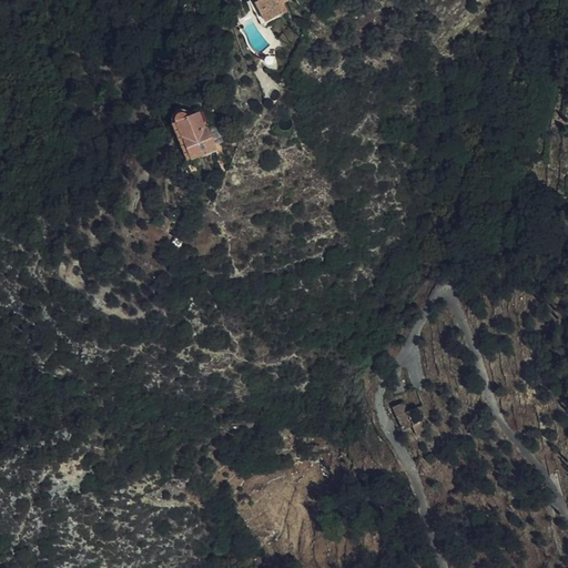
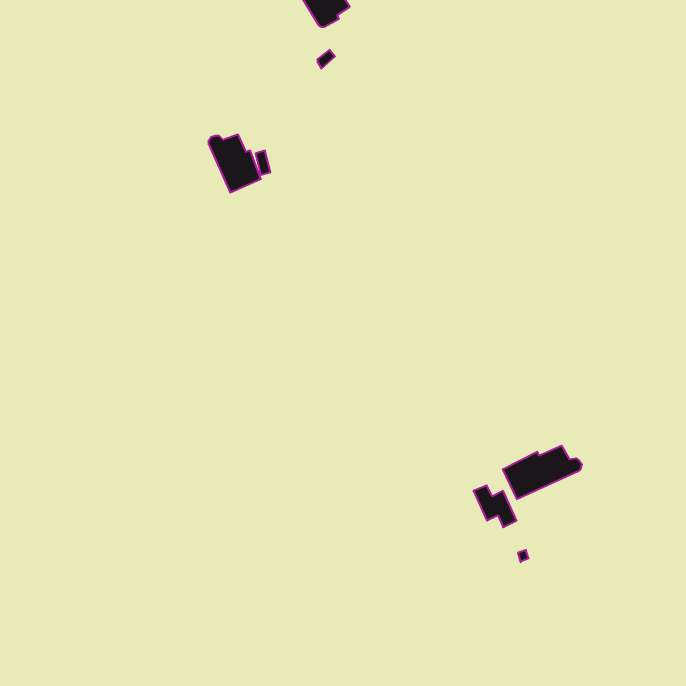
building: none -> [503,446,582,499]

